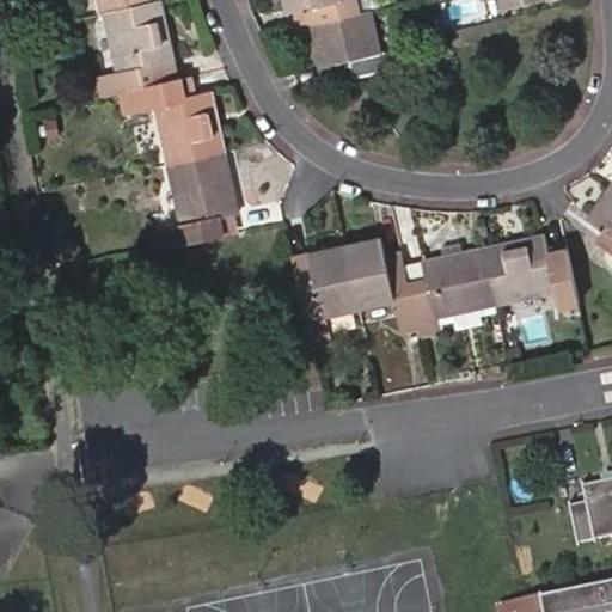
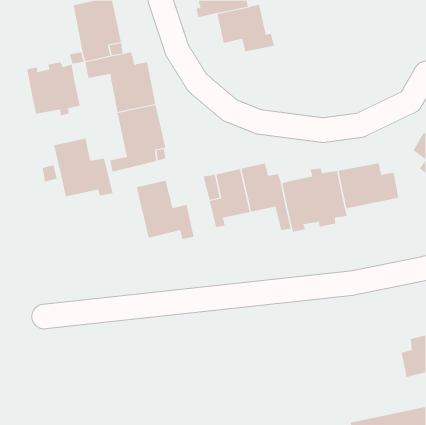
building: none -> [27,61,81,116]
building: none -> [53,138,113,197]
building: none -> [136,180,194,240]

